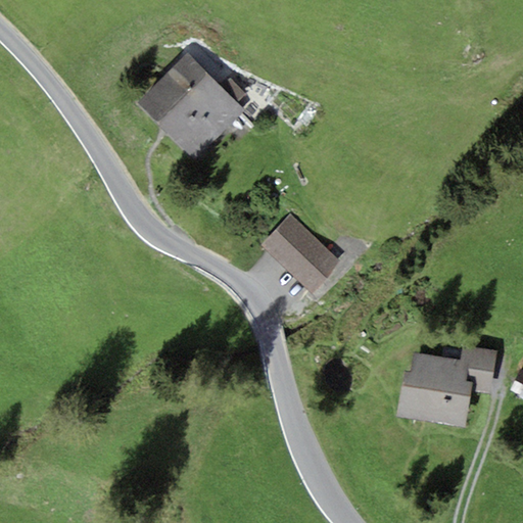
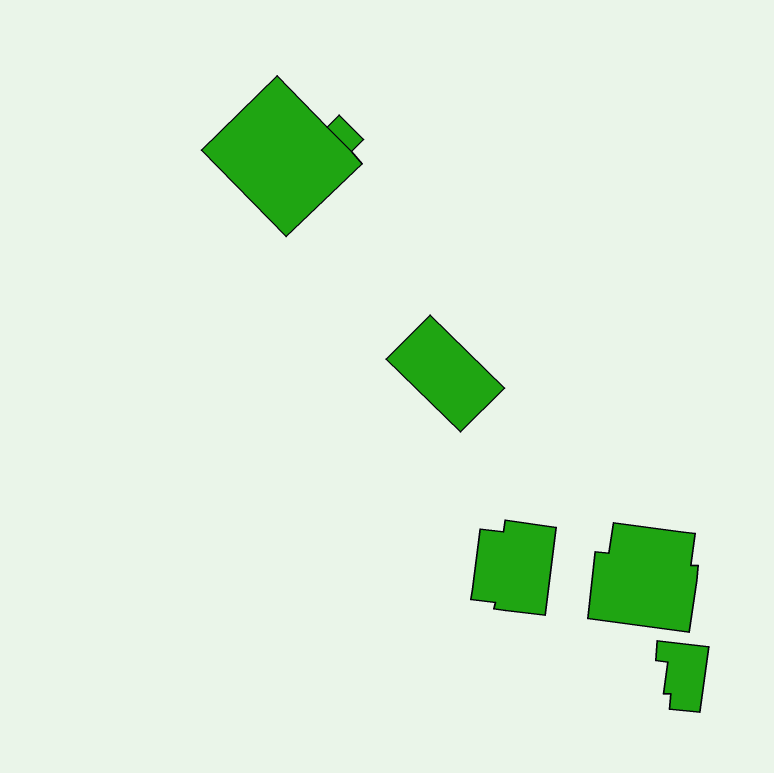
building: [461,345,496,393] -> [656,641,709,712]
building: none -> [471,520,556,615]

